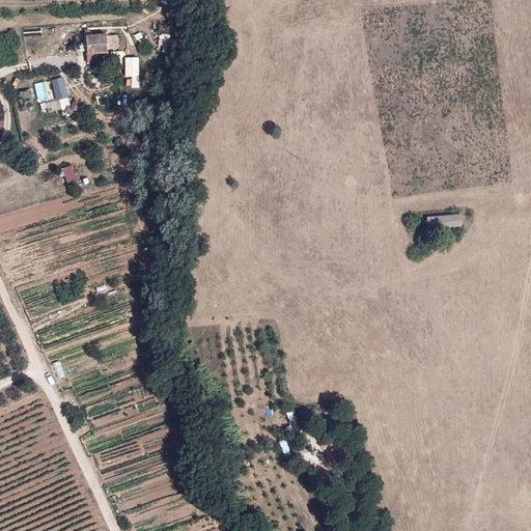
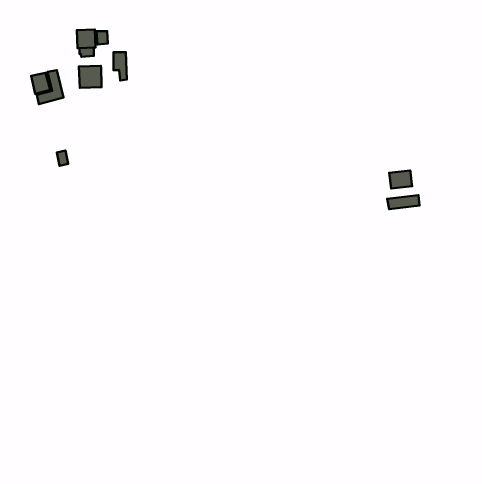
building: none -> [79,66,102,88]
building: none -> [389,170,412,189]

